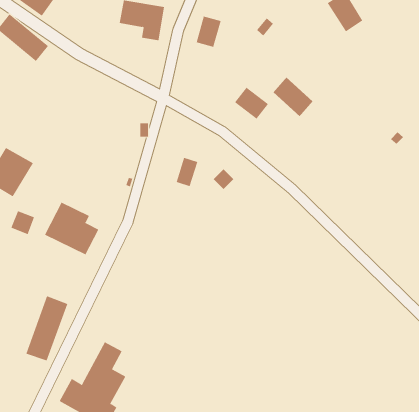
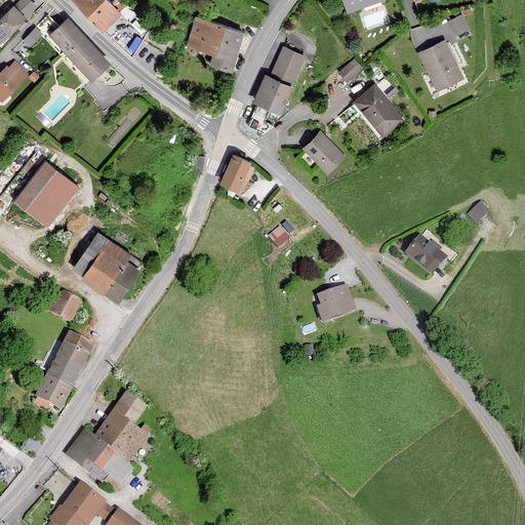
building: none -> [255,75,290,112]
building: [272,76,313,117] -> [356,86,400,133]
building: [176,157,198,187] -> [221,155,249,189]
building: none -> [407,238,445,274]
building: [10,210,35,235] -> [49,292,78,321]
building: none -> [319,288,354,321]

